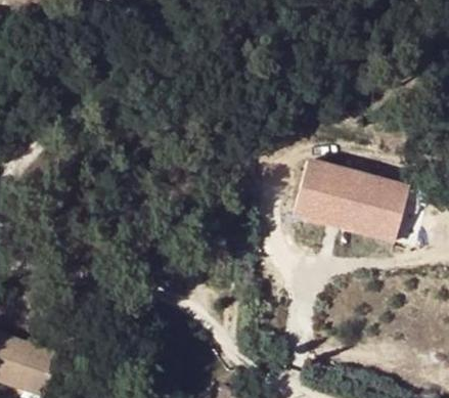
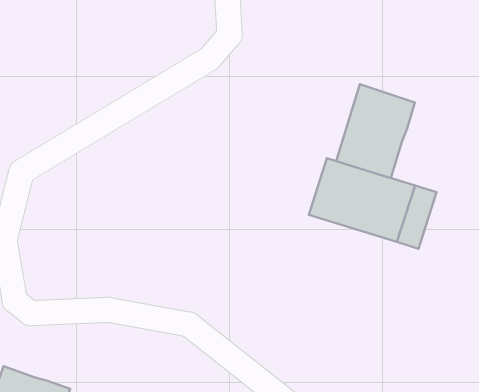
building: none -> [336,84,415,178]

